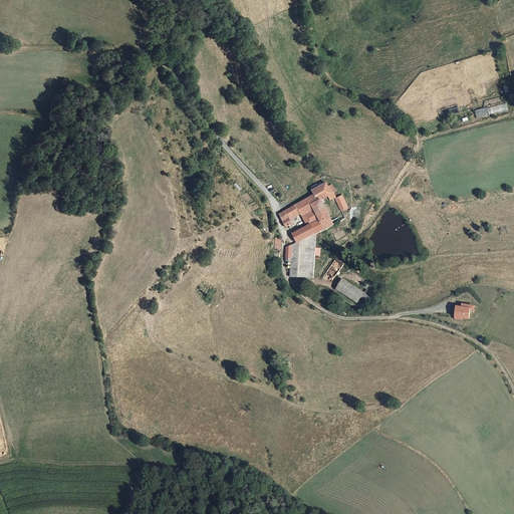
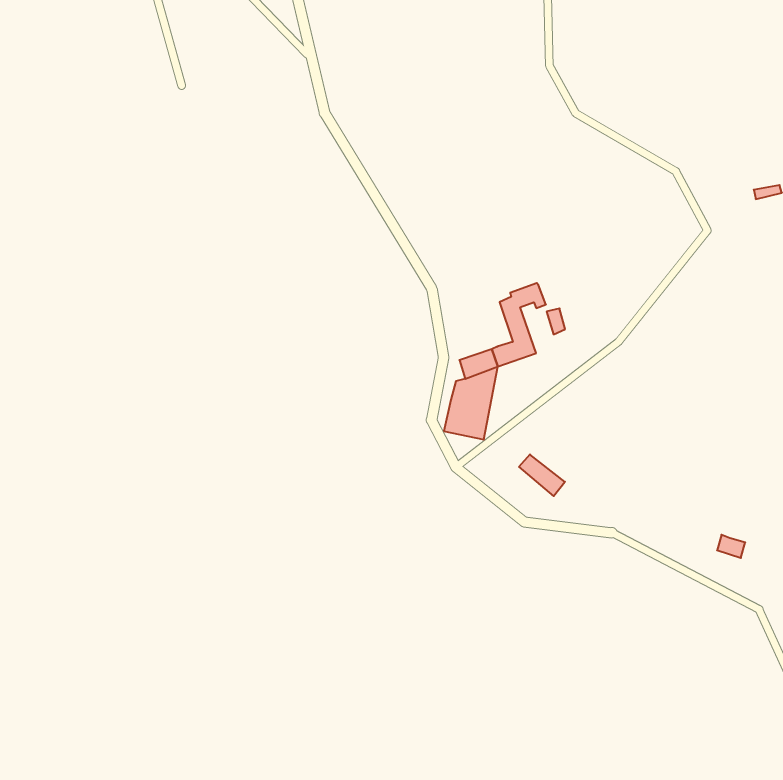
building: [276,198,318,229] -> none

